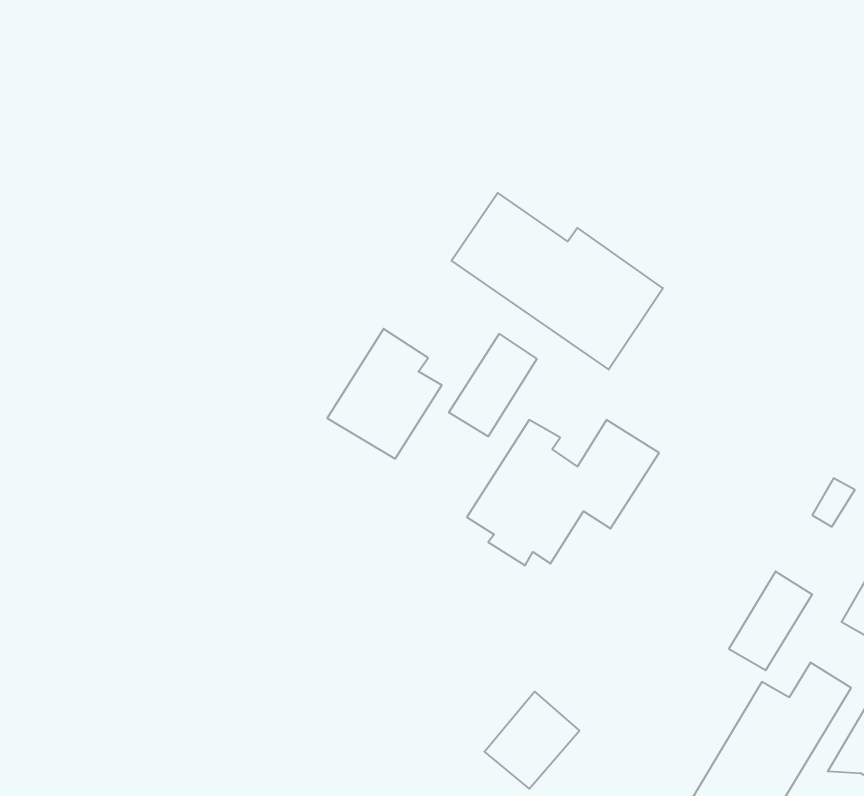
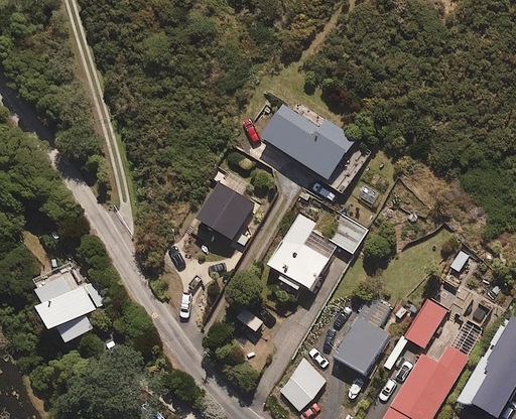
building: [449,334,537,436] -> none
building: none -> [35,276,107,342]
building: none -> [333,296,390,374]

